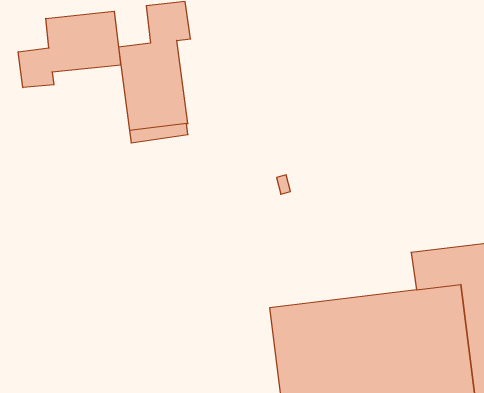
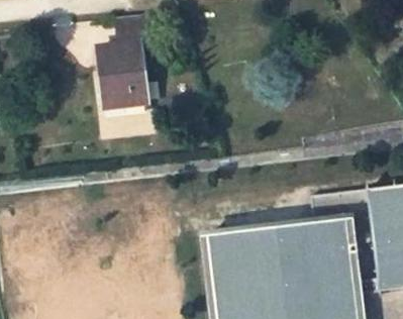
building: [18,11,121,88] -> none

